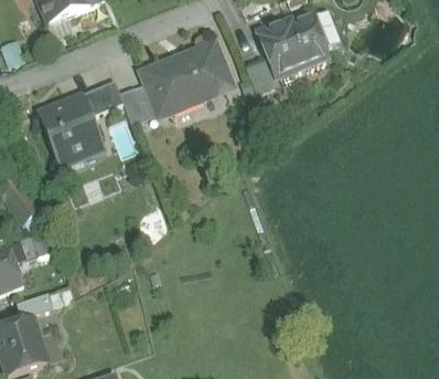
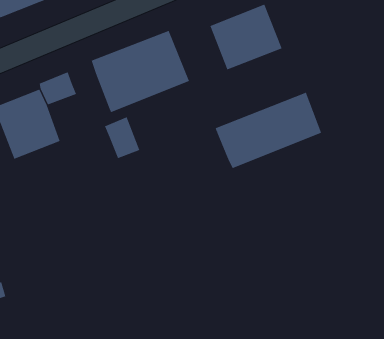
building: [118,80,154,123] -> [104,117,140,159]
building: none -> [215,92,322,169]

